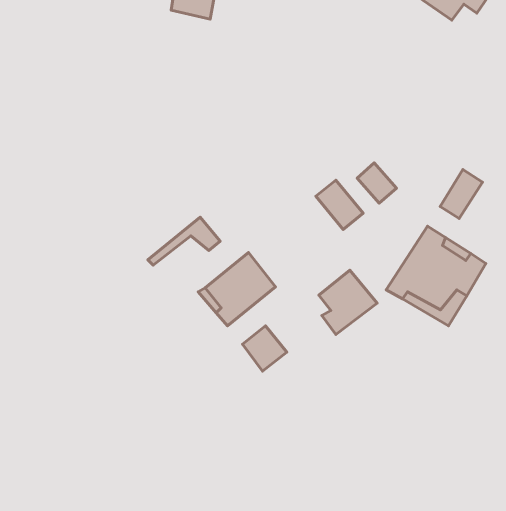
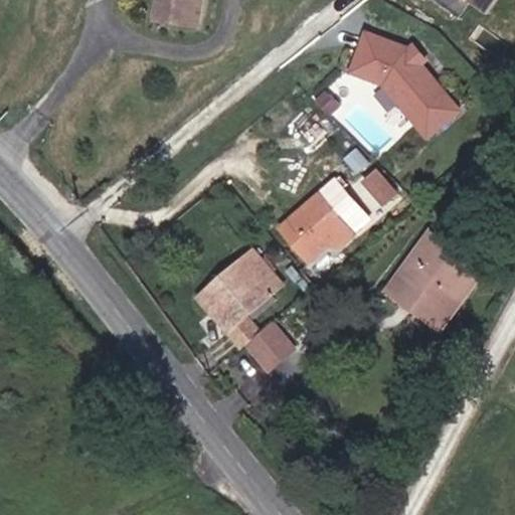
building: none -> [348,33,455,135]
building: [440,170,483,218] -> none
building: [148,217,220,265] -> none
building: [319,270,377,335] -> [285,196,343,261]

